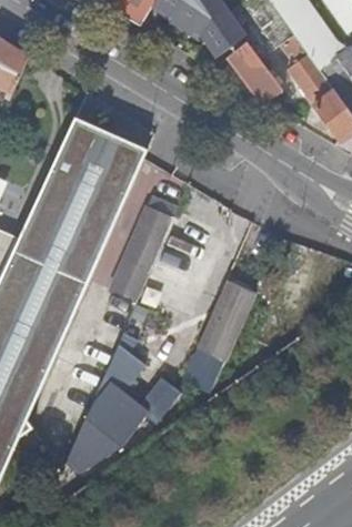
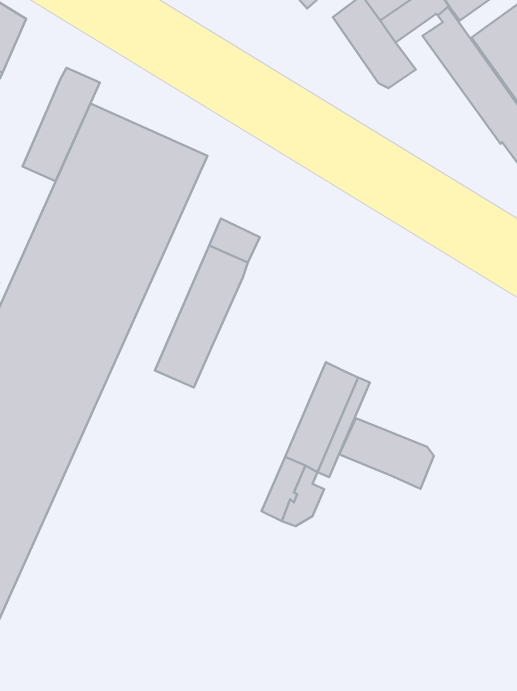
building: none -> [22,68,100,181]
building: none -> [339,418,434,489]
building: [63,342,180,473] -> none

